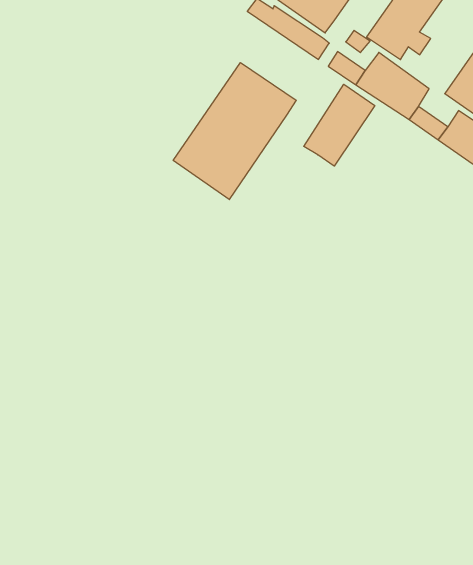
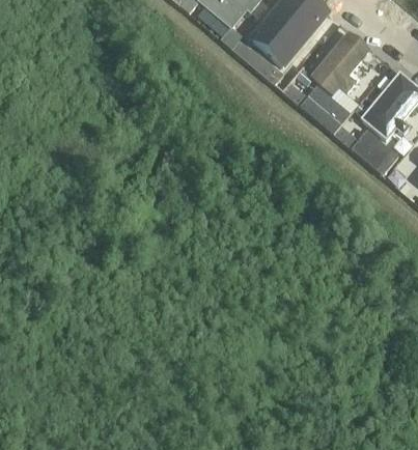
building: [173,63,296,200] -> none
building: [304,84,375,166] -> none

